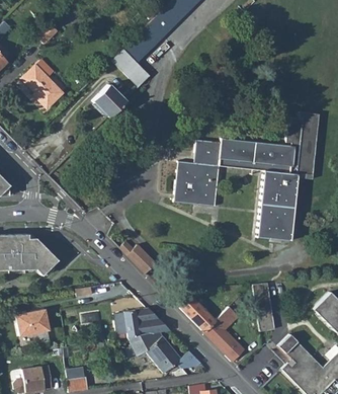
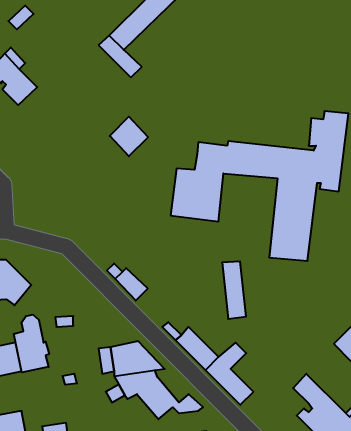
building: [93,83,125,116] -> [110,117,148,156]
building: [253,284,273,332] -> [222,261,246,319]
building: none -> [14,315,49,372]

